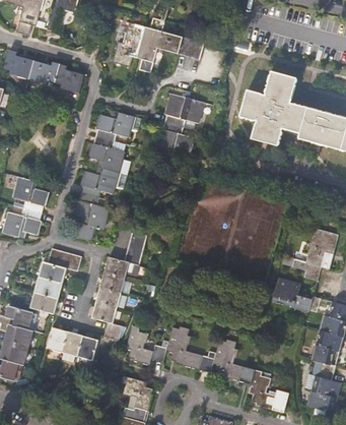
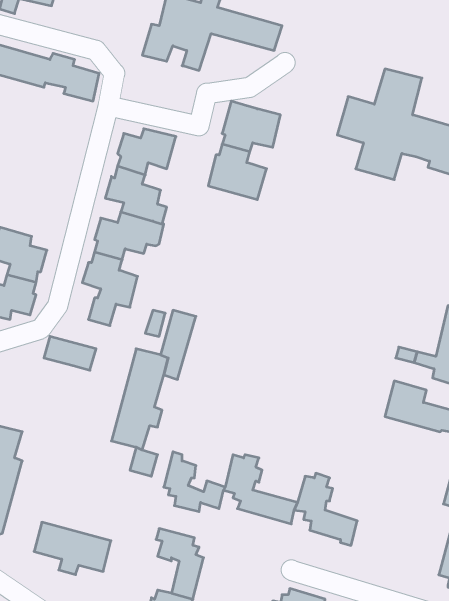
building: [30,261,66,313] -> none
building: [47,327,97,362] -> [34,522,111,575]
building: [248,370,289,412] -> none

